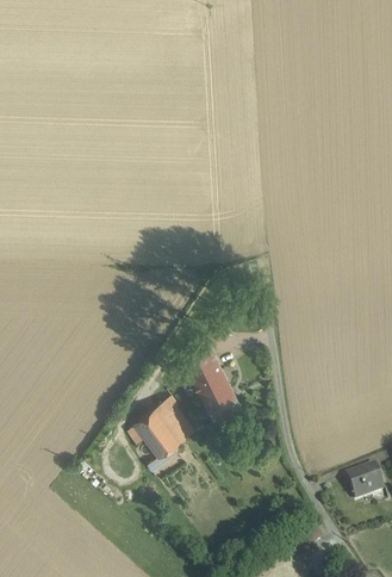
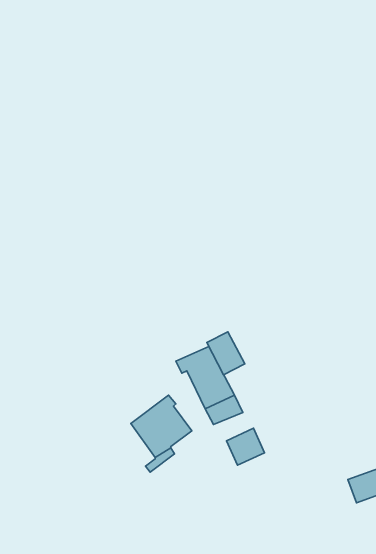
building: none -> [207,332,245,375]
building: none -> [226,428,265,465]

